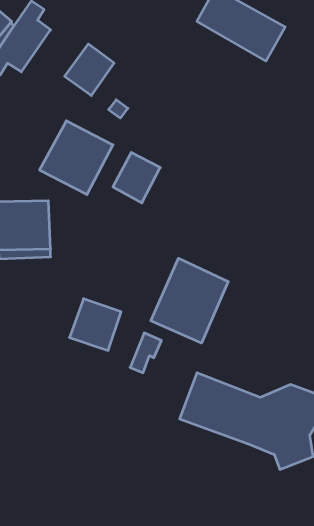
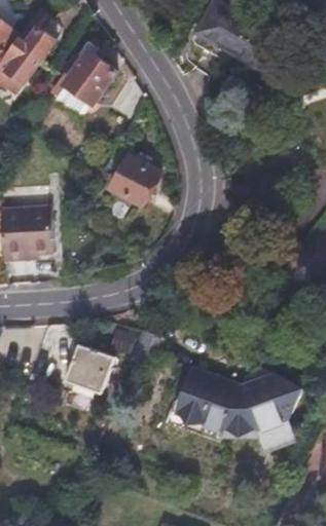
building: [40,121,113,195] -> none
building: [151,258,228,343] -> none
building: [69,299,121,350] -> [63,343,112,392]

